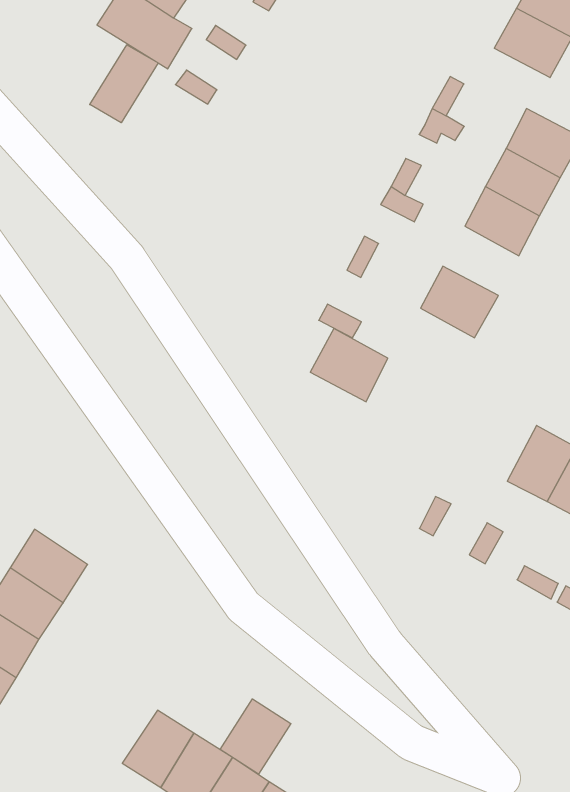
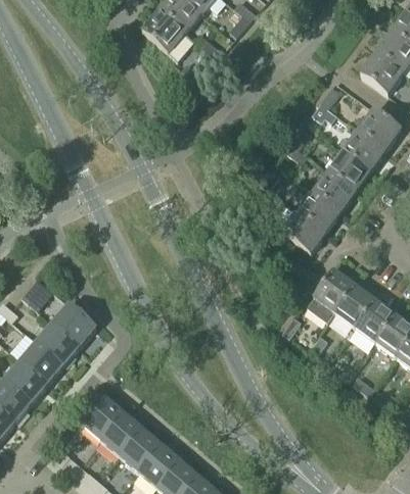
building: [90,45,158,123] -> none
building: none -> [315,167,358,208]
building: [310,328,388,402] -> [283,209,327,252]
building: none -> [307,268,355,319]
building: none -> [81,395,124,438]
building: [220,699,291,774] -> none

